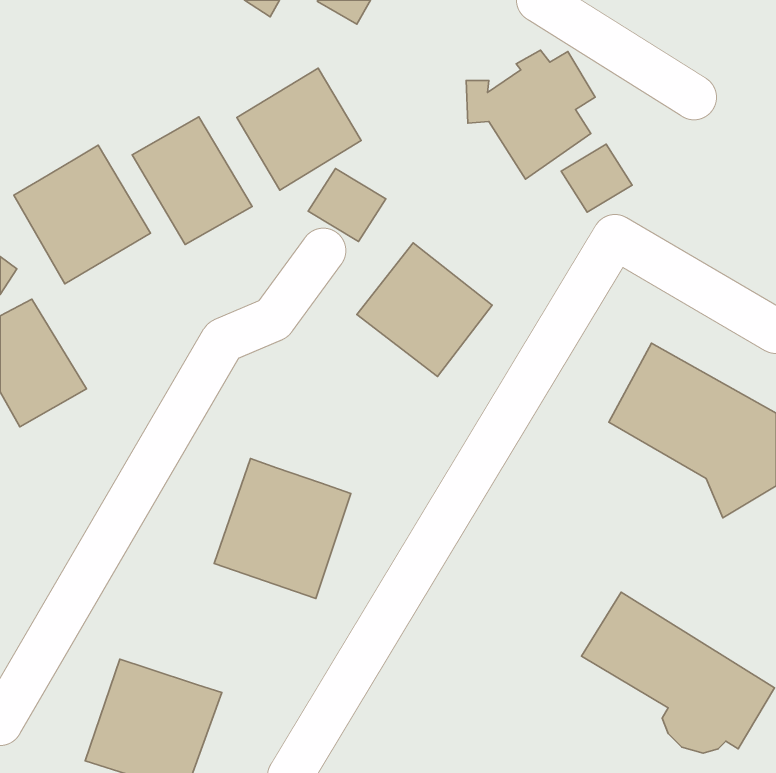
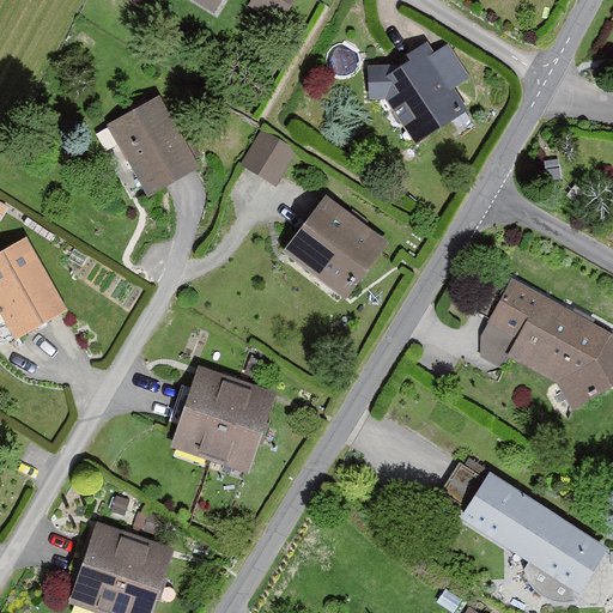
building: [237,68,361,190] -> none
building: [561,144,632,212] -> none
building: [14,145,151,284] -> none

